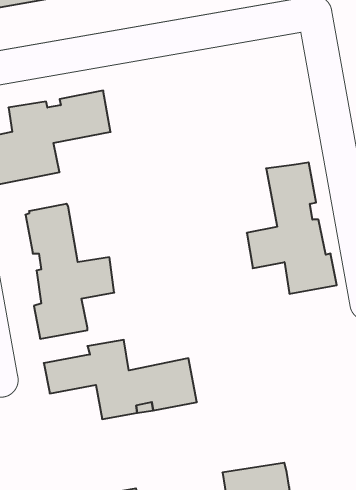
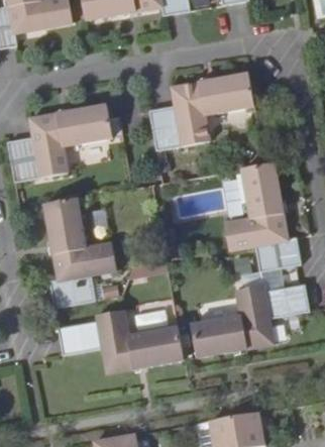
building: none -> [150,72,255,149]
building: none -> [191,282,310,358]

